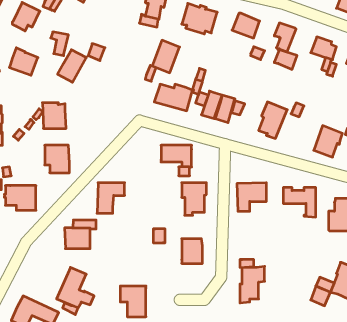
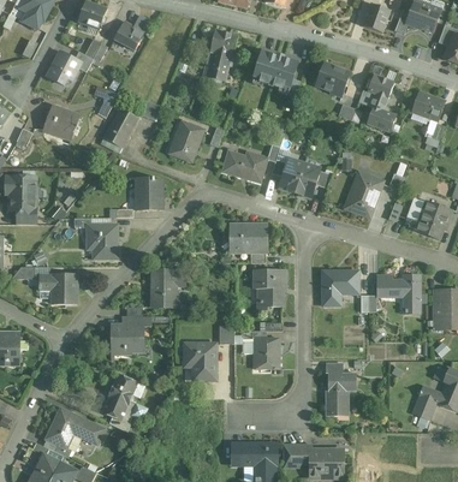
building: [152,40,180,73] -> [168,120,202,160]
building: [42,103,66,128] -> [133,177,162,208]
building: [120,286,146,317] -> [184,343,215,380]

